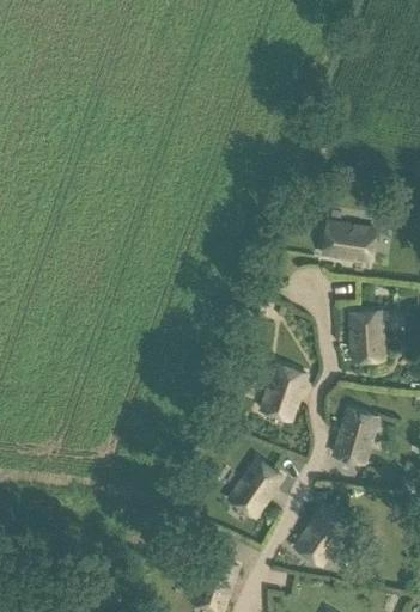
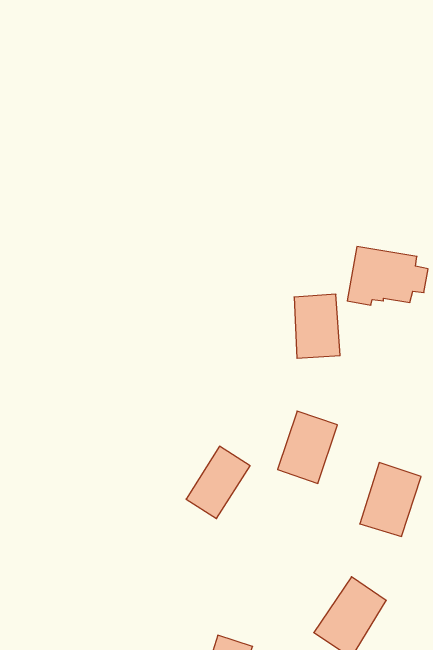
building: [348,308,388,363] -> [294,294,340,358]
building: [229,455,284,518] -> [186,446,250,519]

